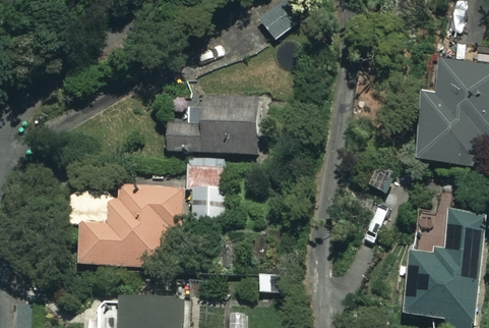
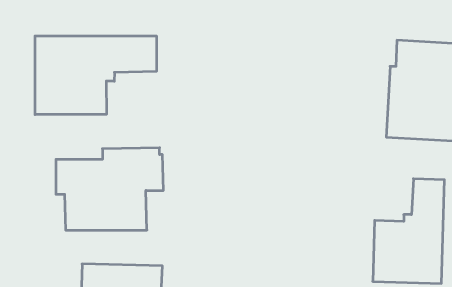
building: none -> [35,36,156,115]
building: [168,97,259,219] -> none

